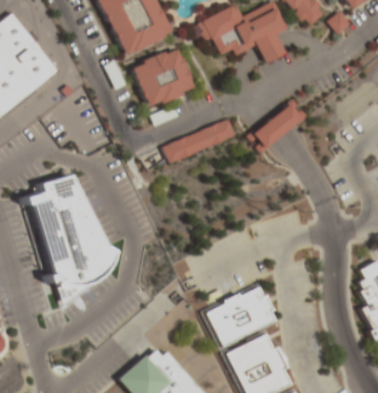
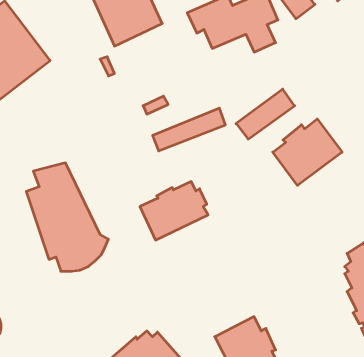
building: [131,49,195,108] -> none
building: none -> [273,119,342,185]
building: [206,285,275,344] -> [140,182,208,240]

